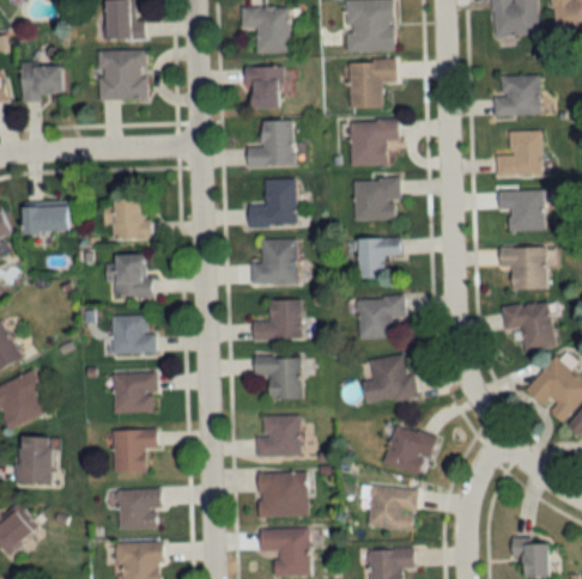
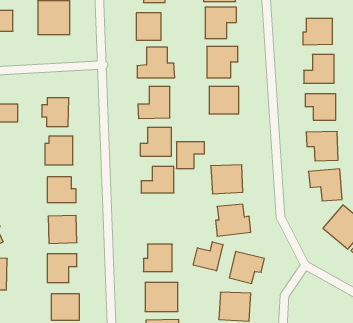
building: [358,238,400,278] -> [176,142,204,168]
building: [255,356,301,398] -> none
building: none -> [193,242,223,271]

